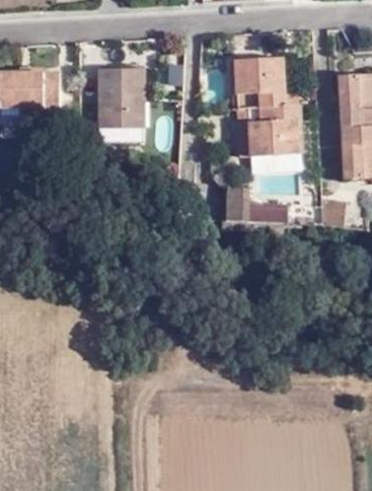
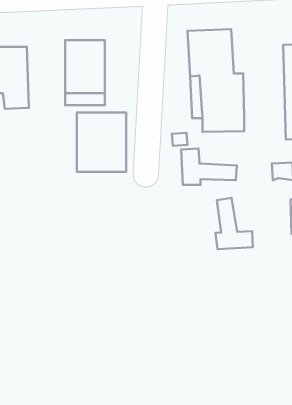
building: none -> [77,113,126,172]
building: none -> [216,198,253,249]

